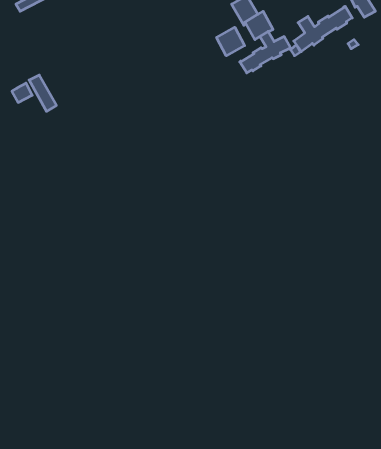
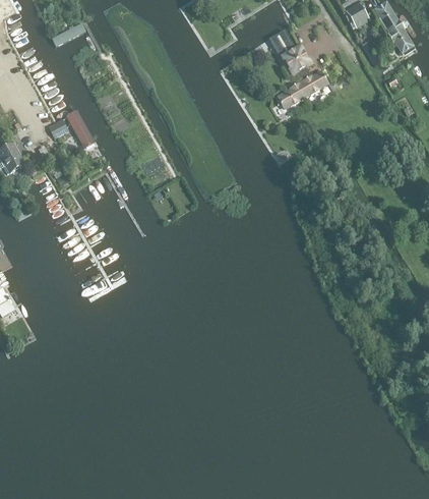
building: [294,6,352,52] -> none
building: [217,27,245,56] -> none

